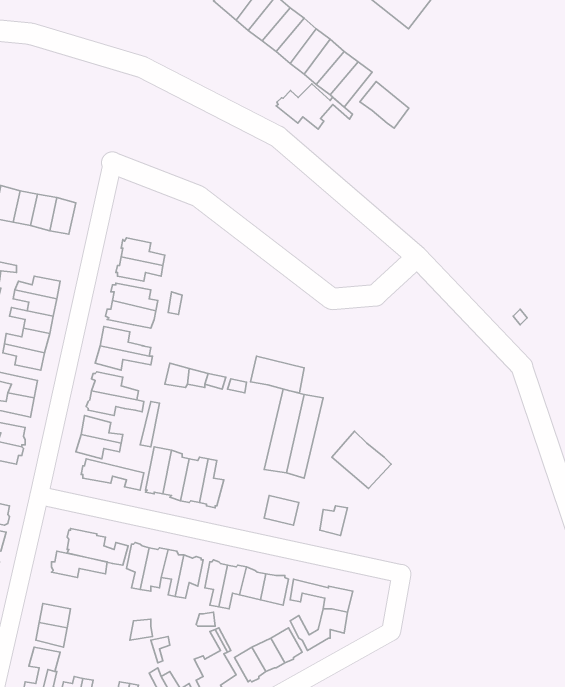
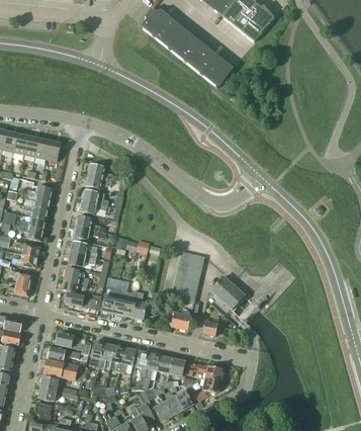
building: [360,82,409,128] -> none
building: [276,84,352,129] -> none
building: [250,356,304,393] -> none
building: none -> [42,358,85,381]

